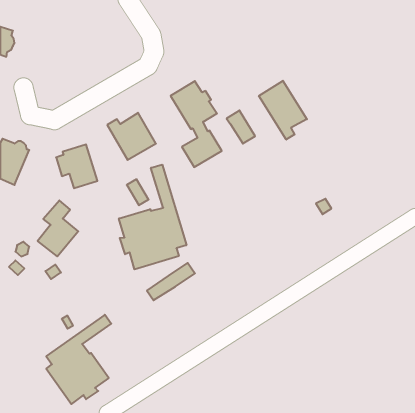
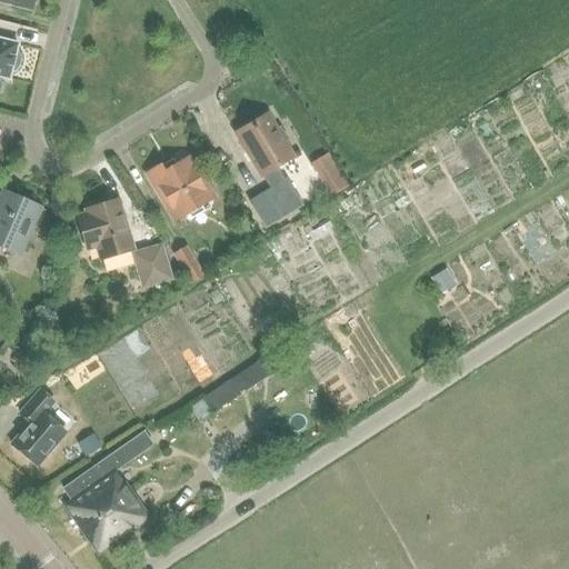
building: [259,81,307,140] -> none
building: [119,165,186,269] -> none
building: none -> [133,244,170,286]
building: [38,200,78,256] -> [11,388,67,465]

